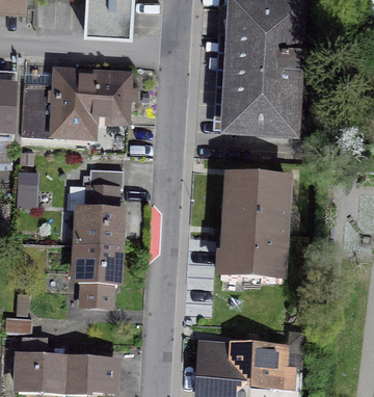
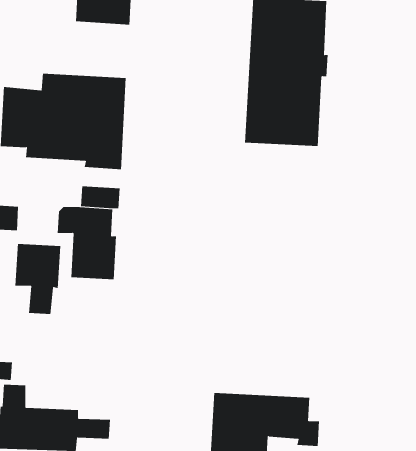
building: [219,175,285,279] -> none
building: [77,244,116,305] -> [15,243,61,314]

